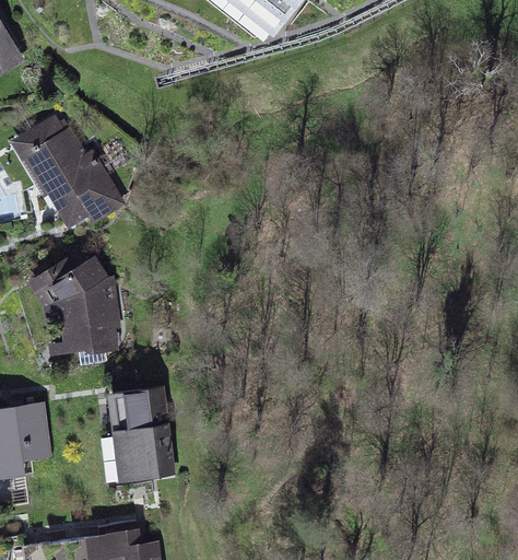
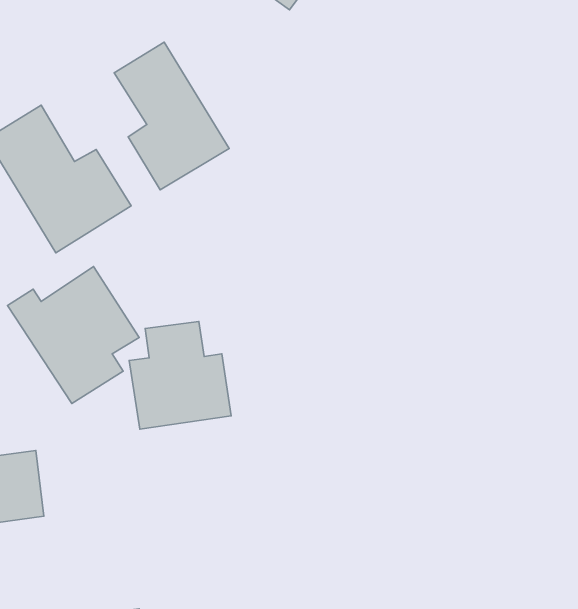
building: none -> [114,42,229,190]
building: [101,394,184,481] -> [129,322,231,429]

